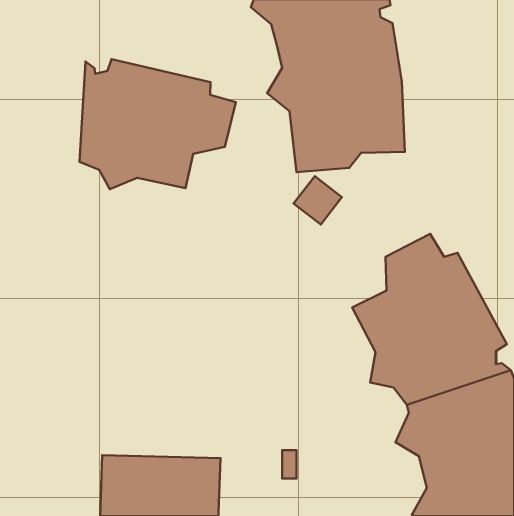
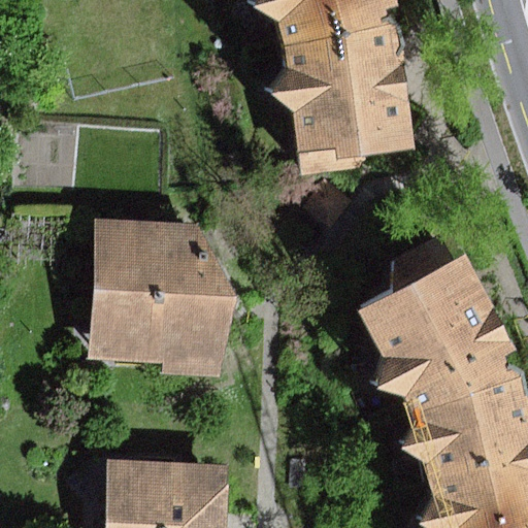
building: [79,59,236,189] -> none
building: none -> [90,220,238,373]

